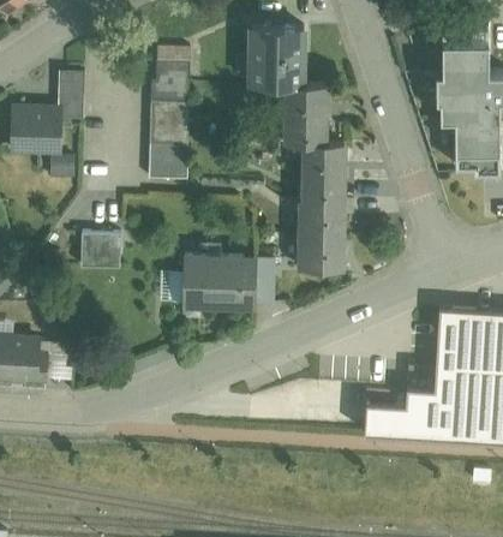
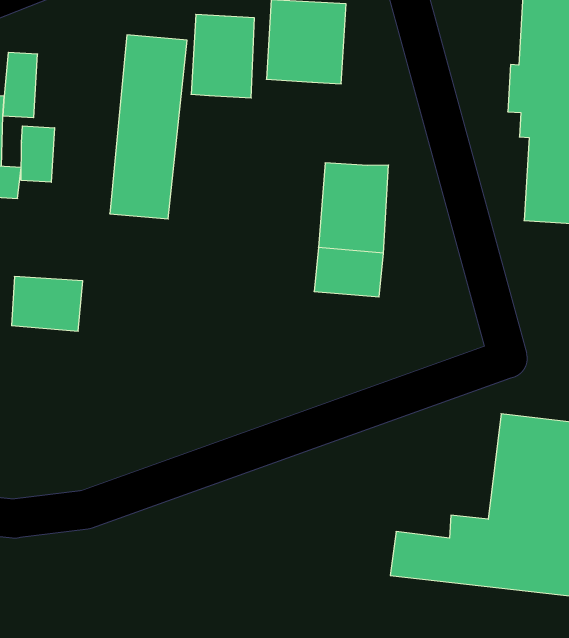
building: [286,80,330,139] -> [191,14,254,98]
building: none -> [21,126,55,182]
building: [295,234,345,276] -> none
building: [181,250,279,305] -> none

